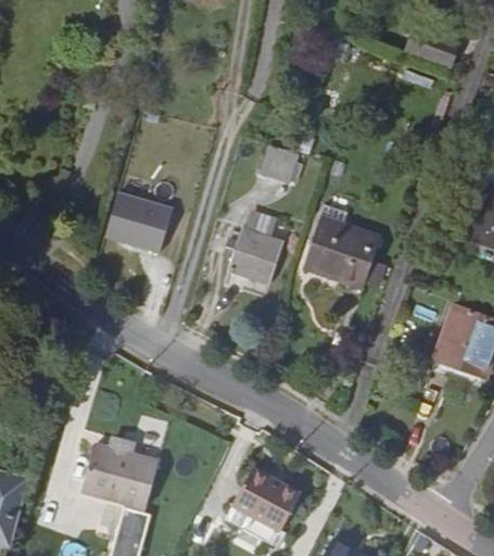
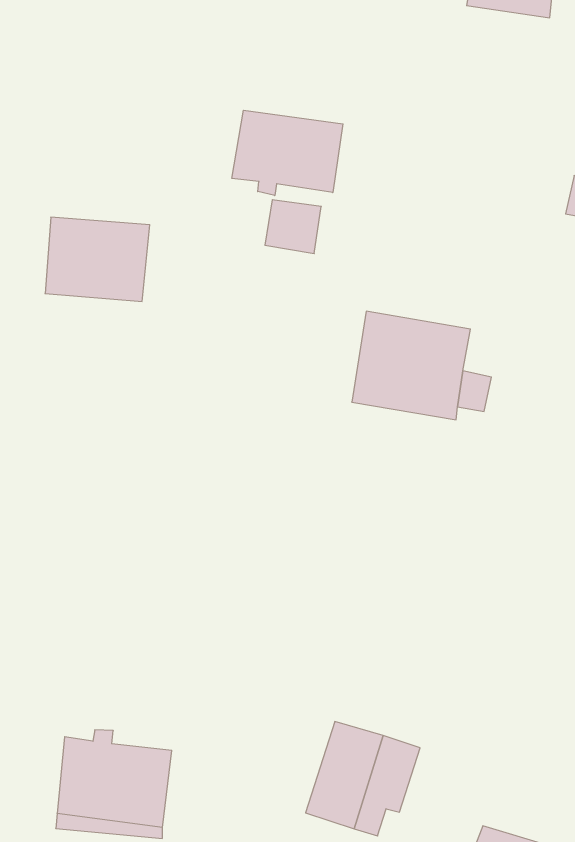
building: none -> [232,110,343,196]
building: [107,192,176,251] -> [45,217,150,301]
building: [230,228,282,283] -> none

